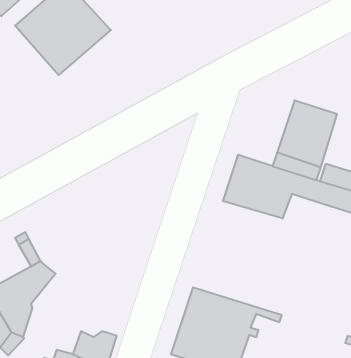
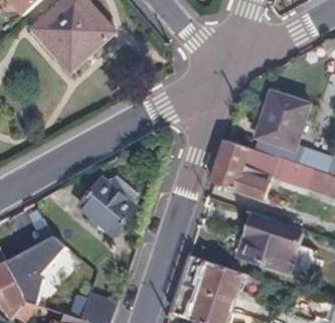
building: none -> [78,174,135,230]
building: none -> [240,211,294,270]

